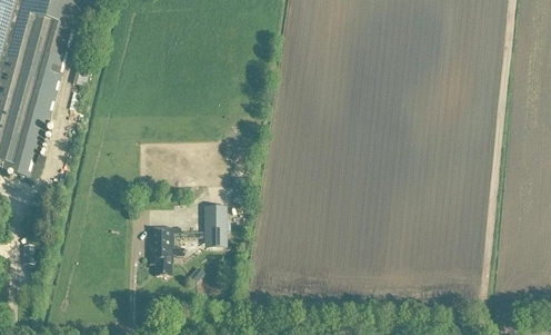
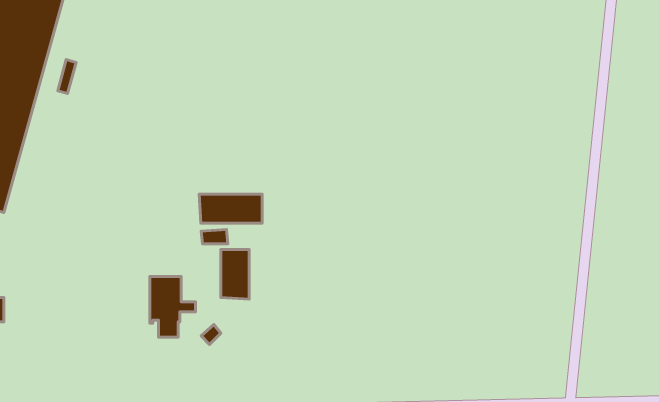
building: none -> [199,194,262,223]

